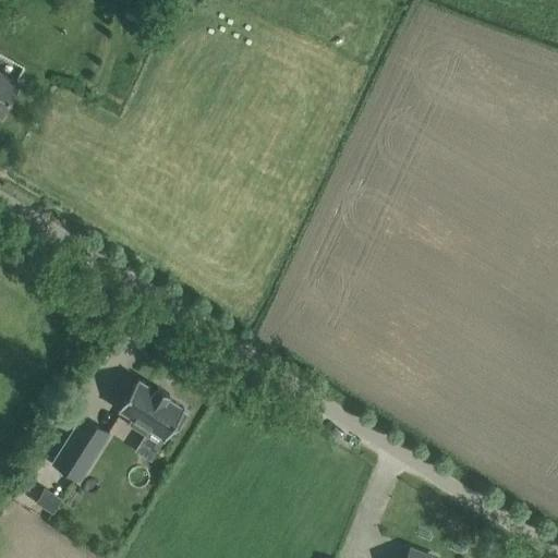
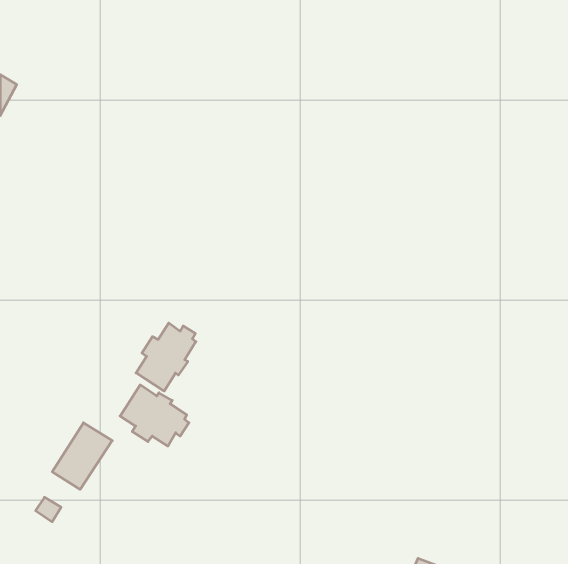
building: none -> [136,323,196,391]

